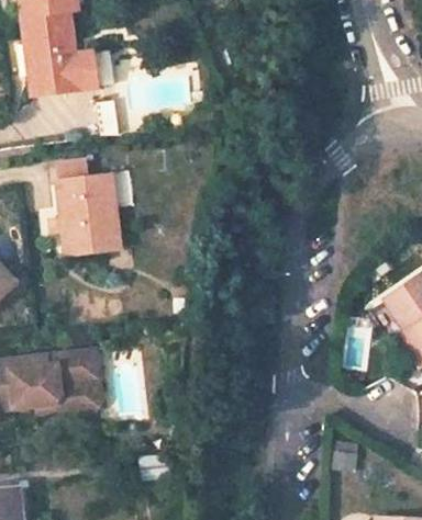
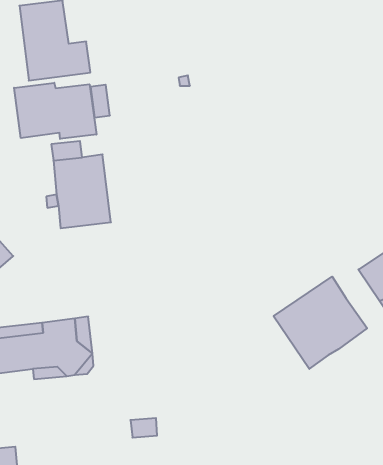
building: none -> [14,83,96,139]
building: none -> [274,277,367,369]

